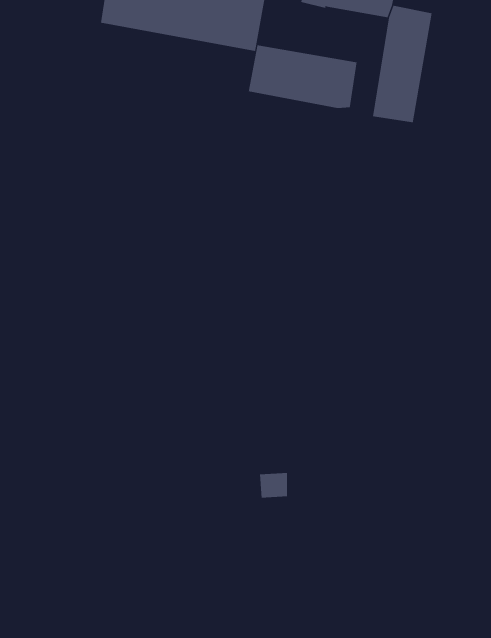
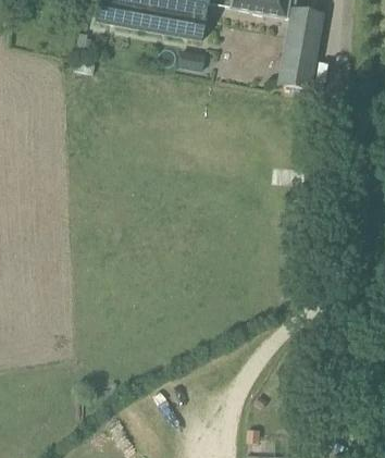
building: [248,44,357,109] -> none

